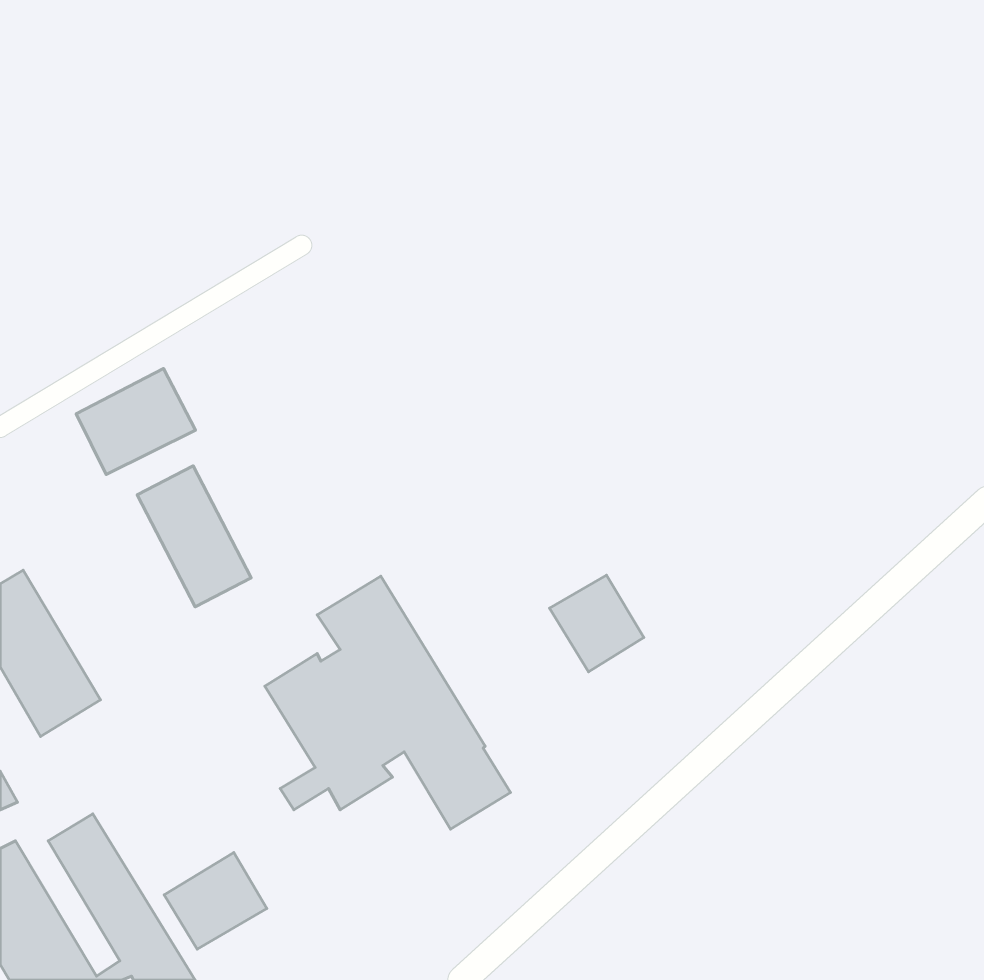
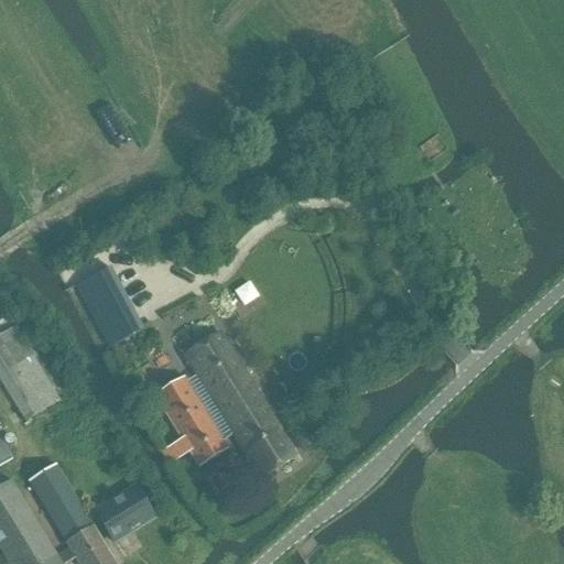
building: [76,368,195,475] -> none
building: [549,575,644,672] -> none

